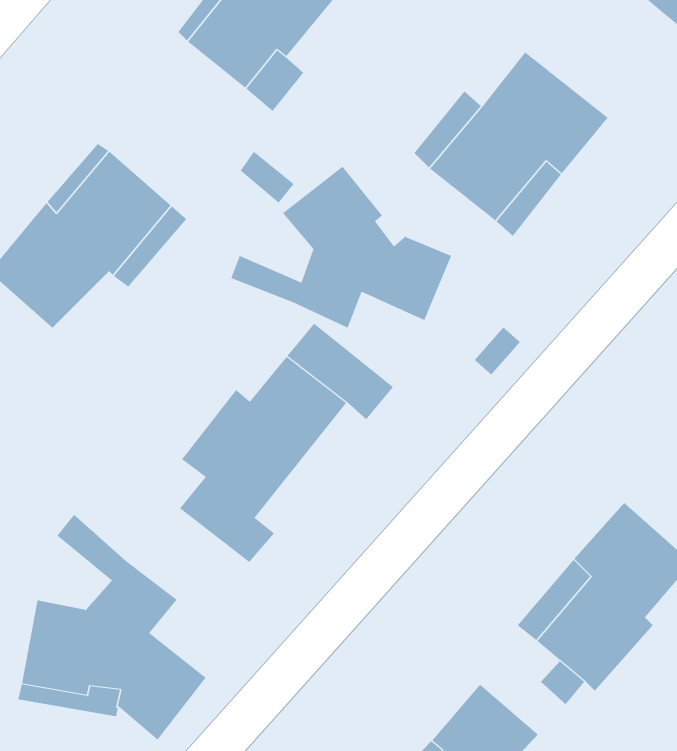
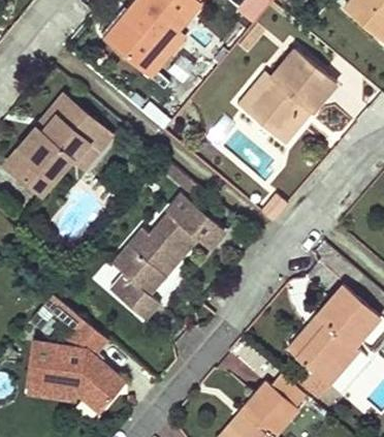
building: [230,166,452,329] -> none

